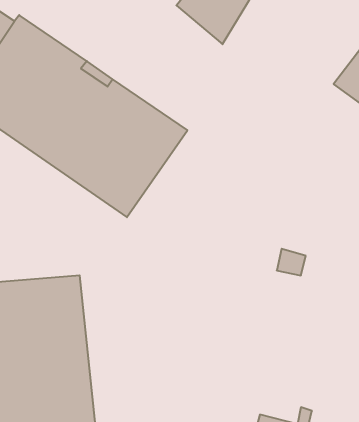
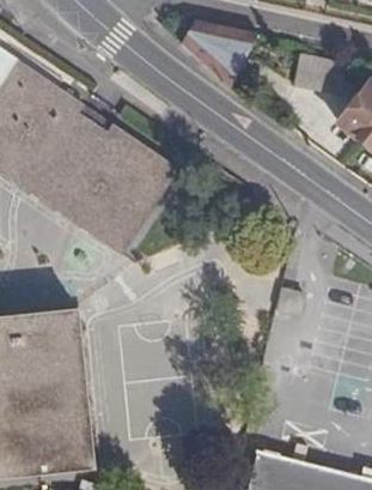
building: none -> [291,56,341,96]

